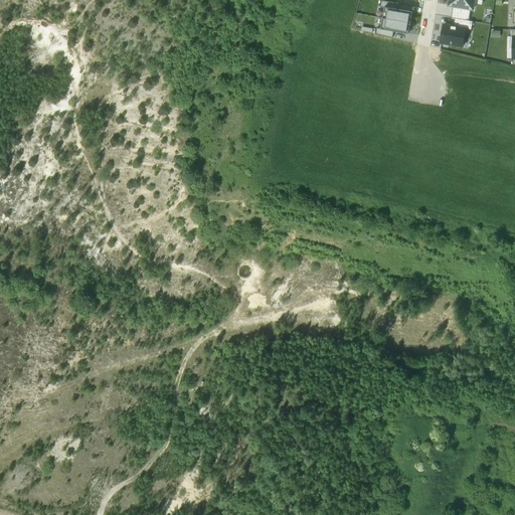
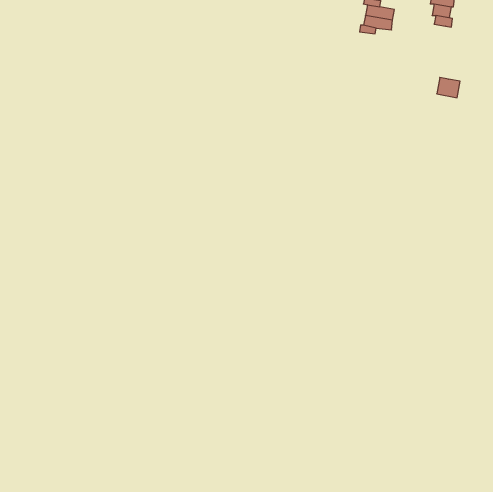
building: [440,23,464,44] -> [437,77,460,98]

